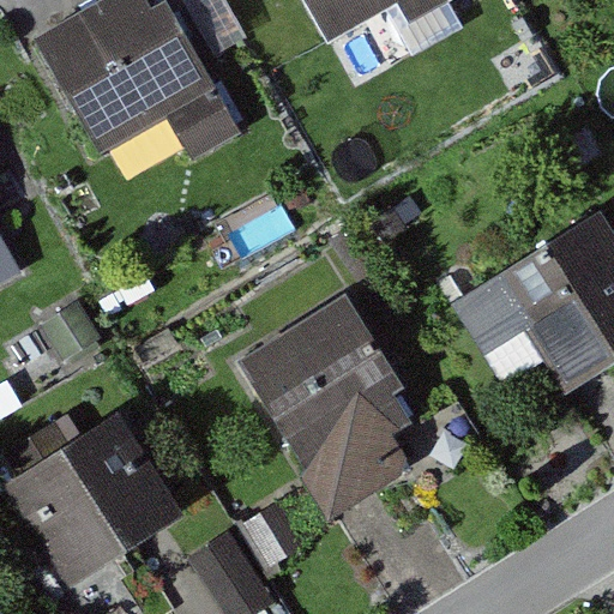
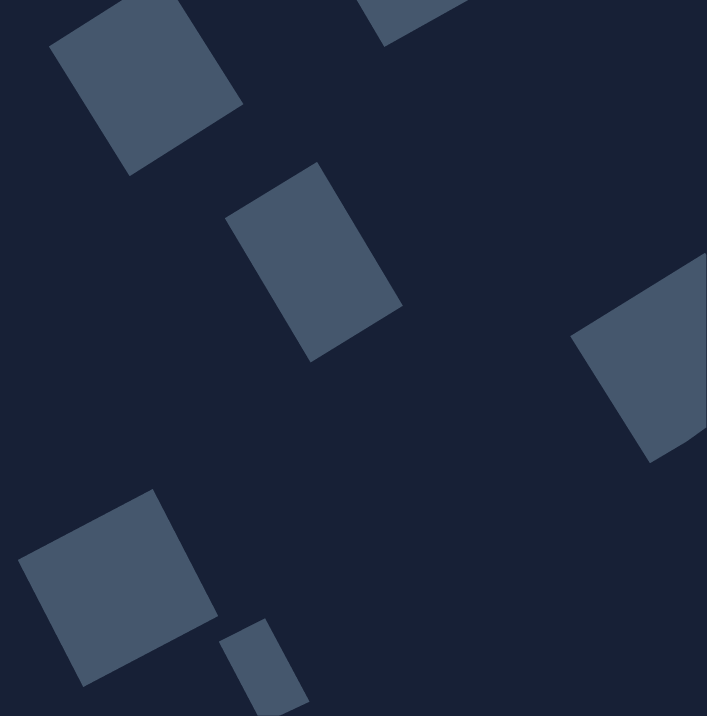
building: none -> [224,161,404,363]
building: [233,293,438,510] -> none

